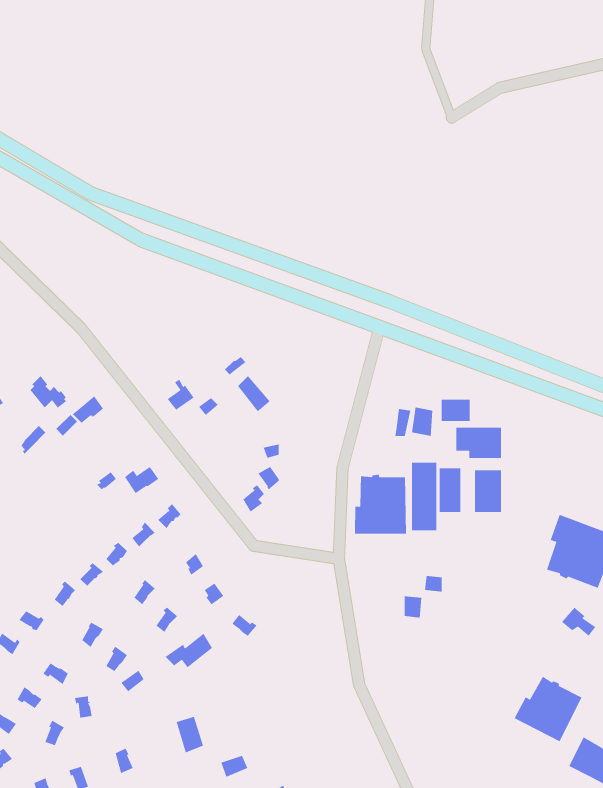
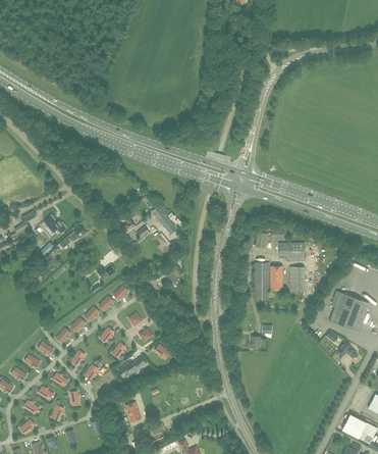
building: [355,474,406,535] -> none
building: [514,676,582,742] -> none

